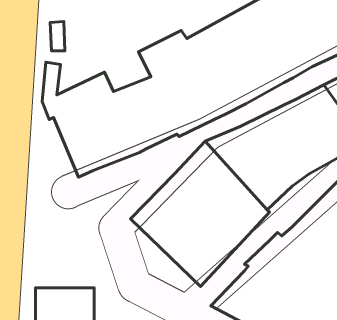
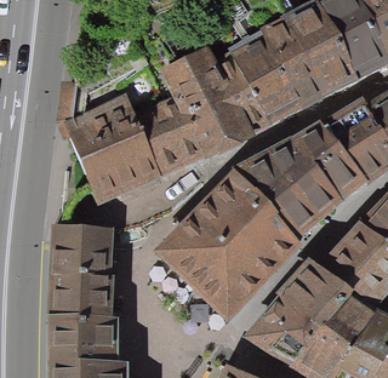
building: none -> [52,230,114,321]

